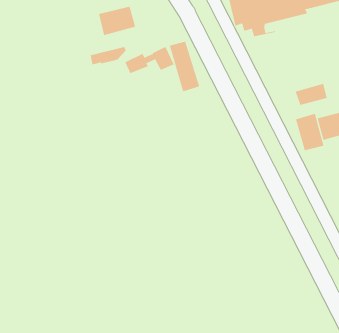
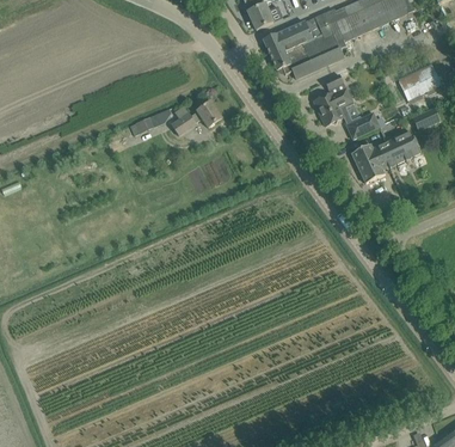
building: [99,6,136,36] -> none
building: none -> [314,74,352,125]
building: [169,41,200,92] -> none

